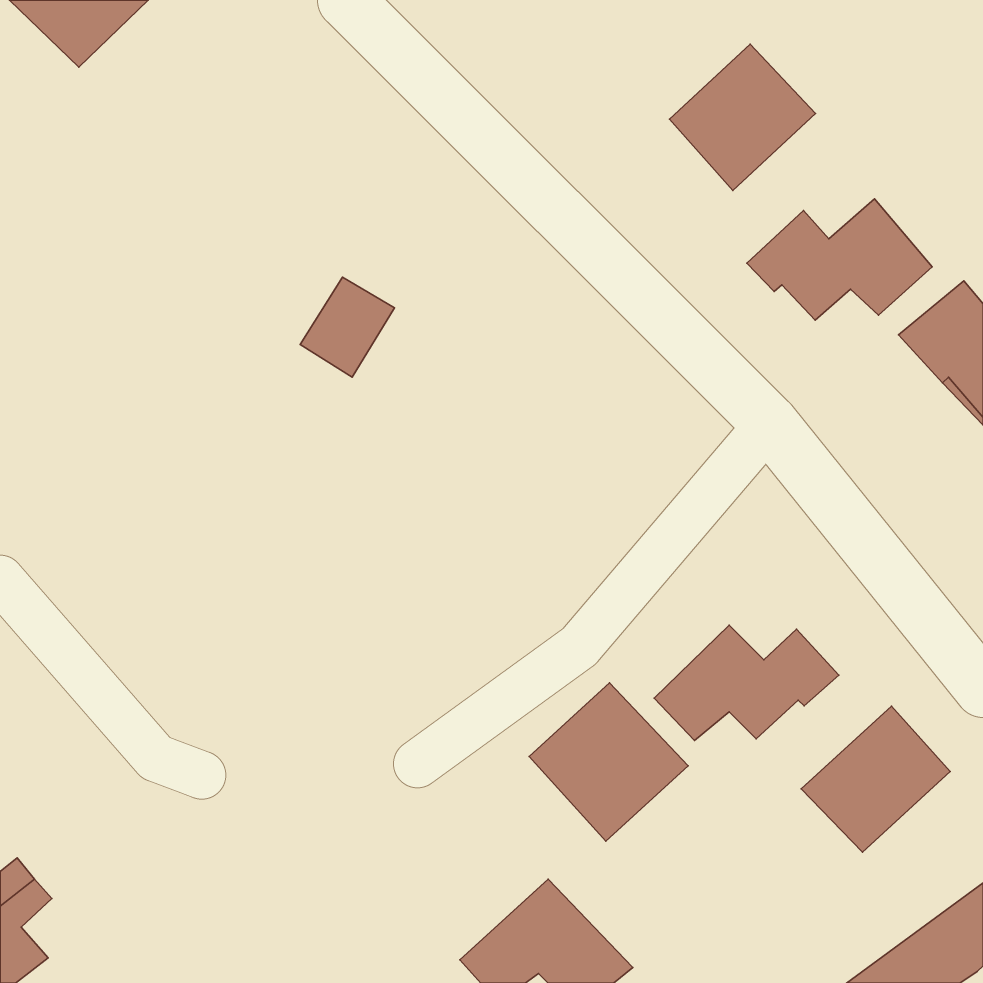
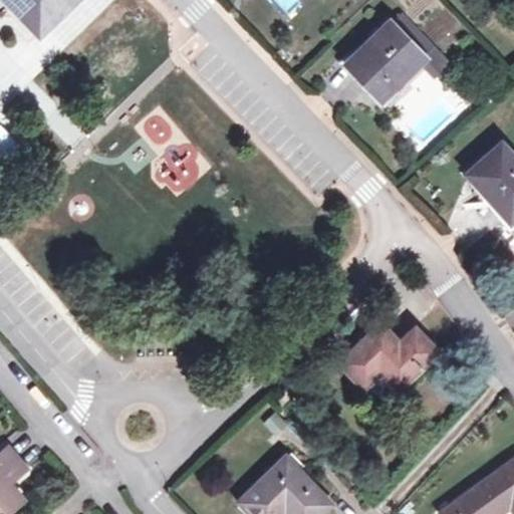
building: [747,199,932,320] -> none
building: [529,683,688,841] -> none
building: [801,706,950,852] -> none

